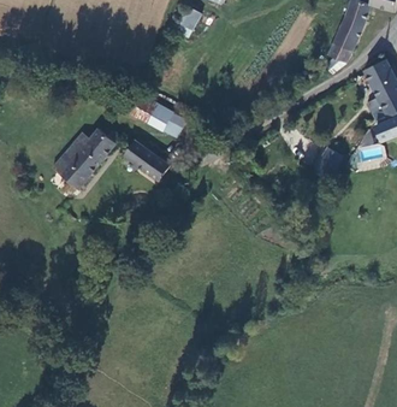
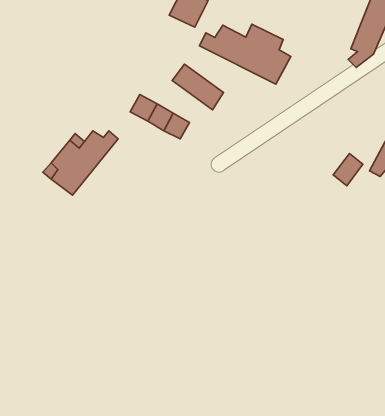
building: none -> [200,24,291,84]
building: [124,140,170,181] -> [172,64,223,110]

